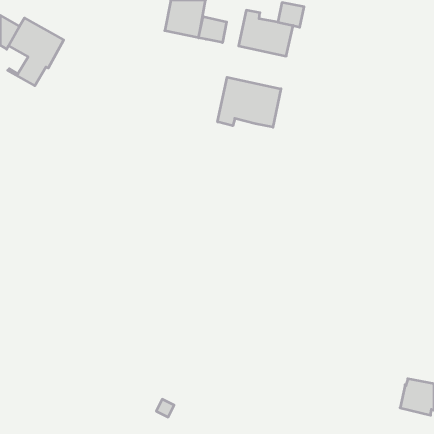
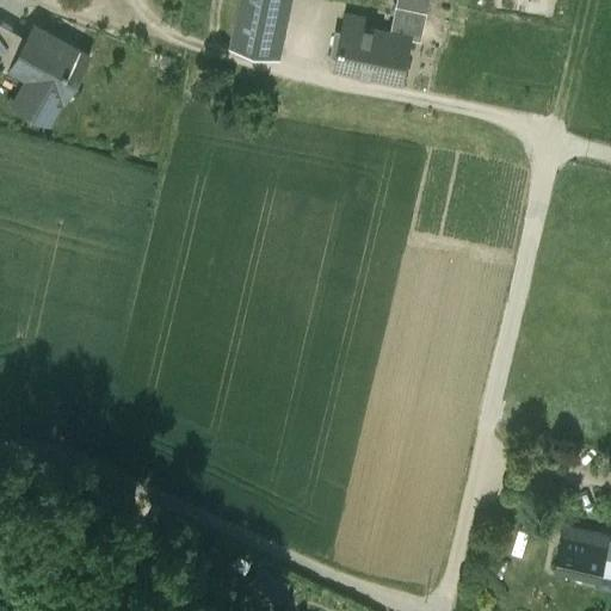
building: [199,16,227,43] -> none
building: [218,77,281,127] -> none

